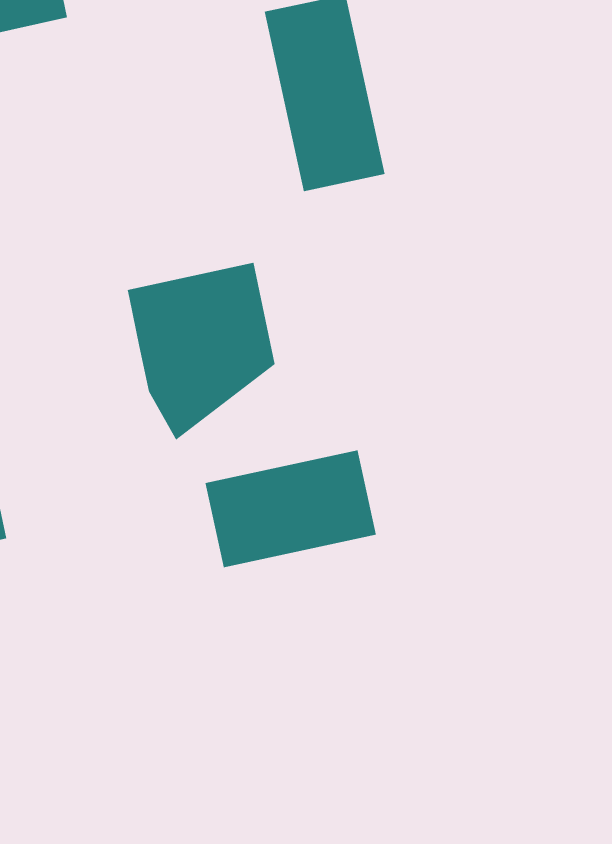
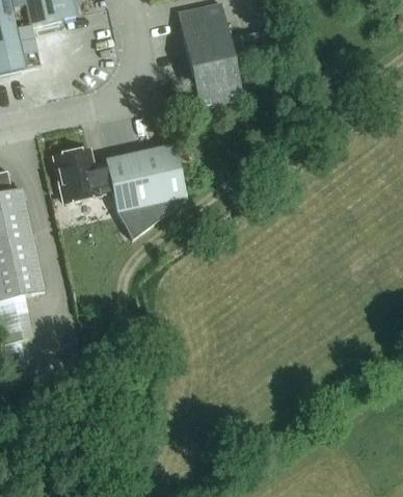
building: none -> [54,148,112,202]
building: [205,450,376,568] -> none

